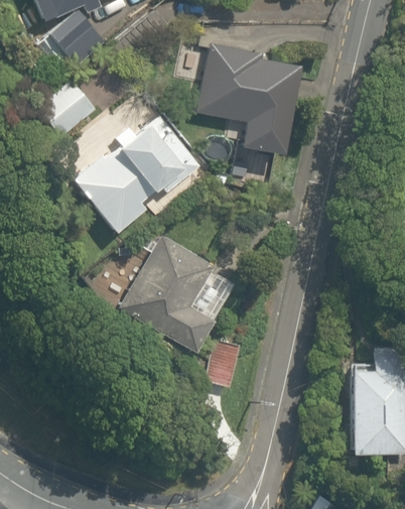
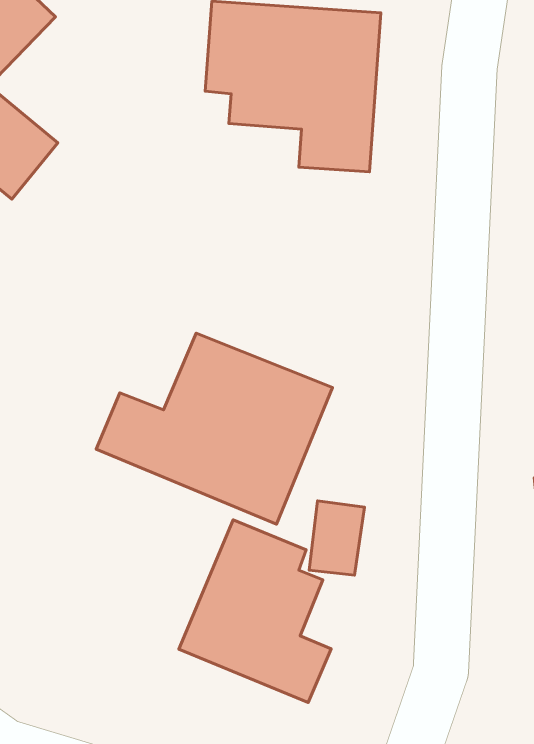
building: [72,109,208,239] -> none
building: none -> [179,520,331,703]

